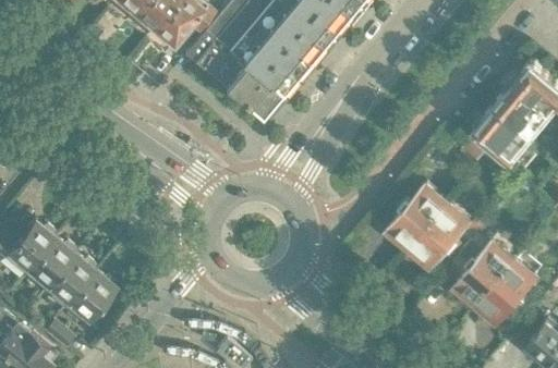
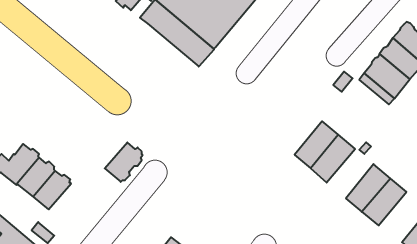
building: [69,270,118,321] -> [105,142,143,182]

